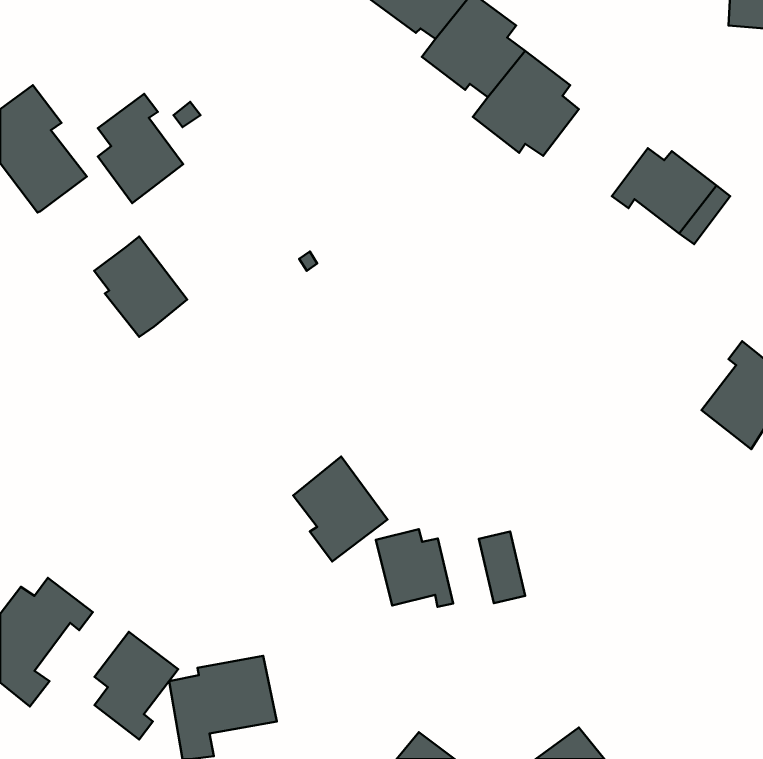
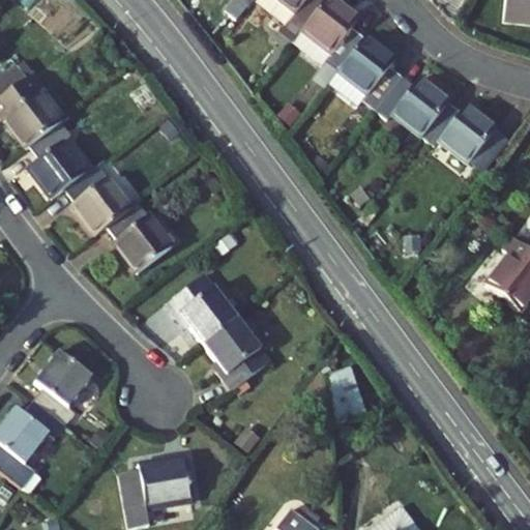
building: [98,94,183,203] -> [29,122,88,198]
building: none -> [377,76,449,136]
building: none -> [108,202,171,271]
building: none -> [166,273,237,343]
building: [376,529,453,607] -> none
building: [94,632,178,740] -> [34,349,92,423]

